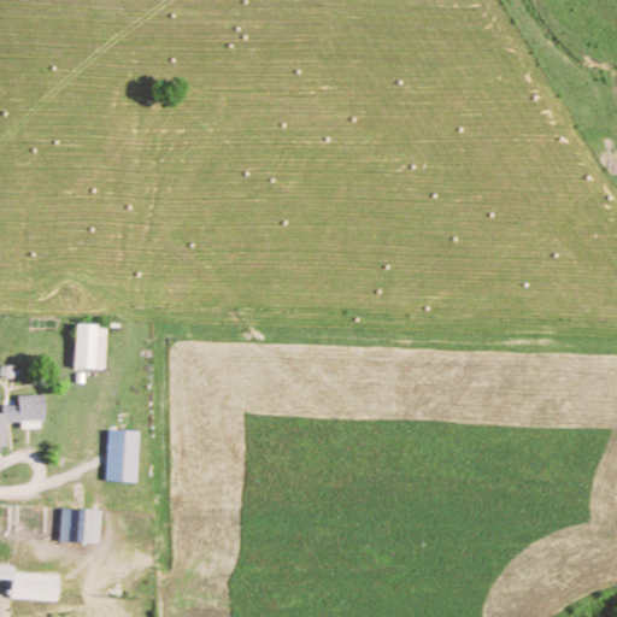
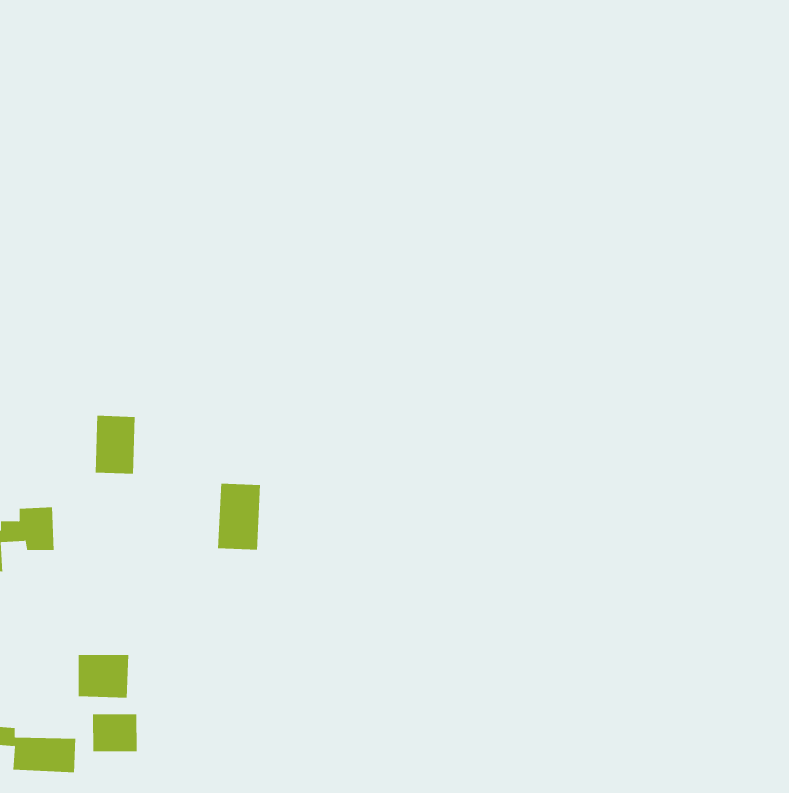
building: [105,430,139,482] -> [217,483,261,550]
building: none -> [93,714,137,752]

